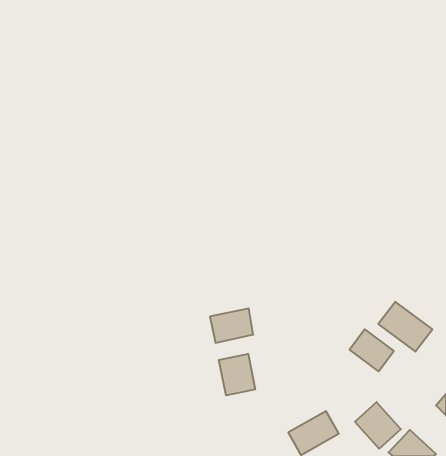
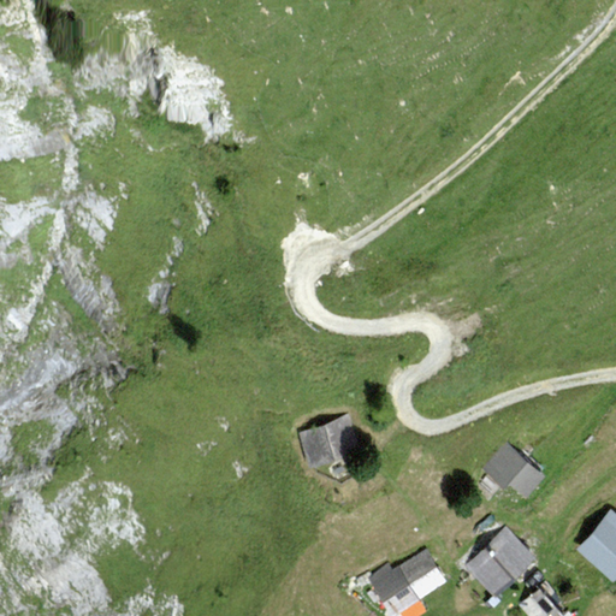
building: [378,302,432,352] -> none
building: [219,354,255,395] -> none

